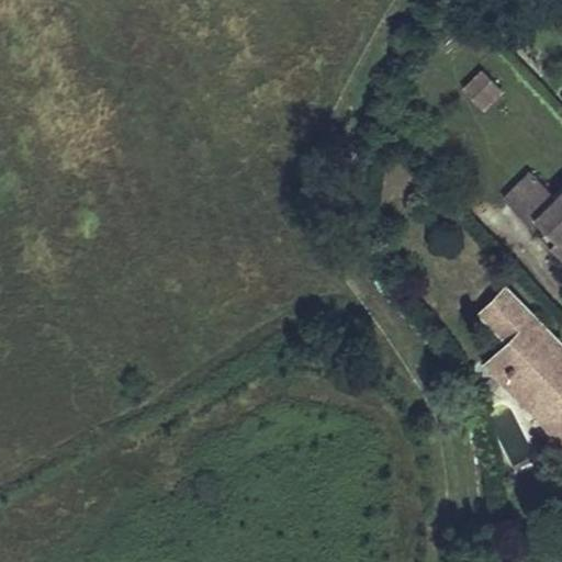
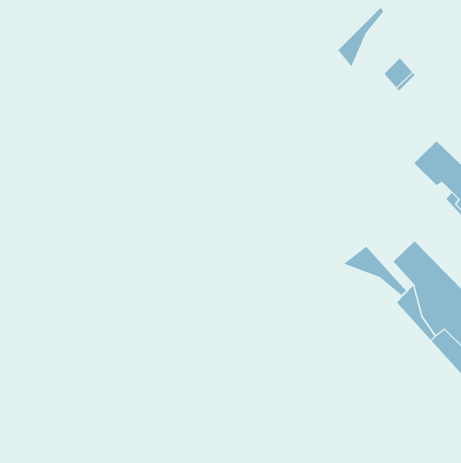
building: none -> [338,7,384,67]
building: none -> [343,246,407,296]

